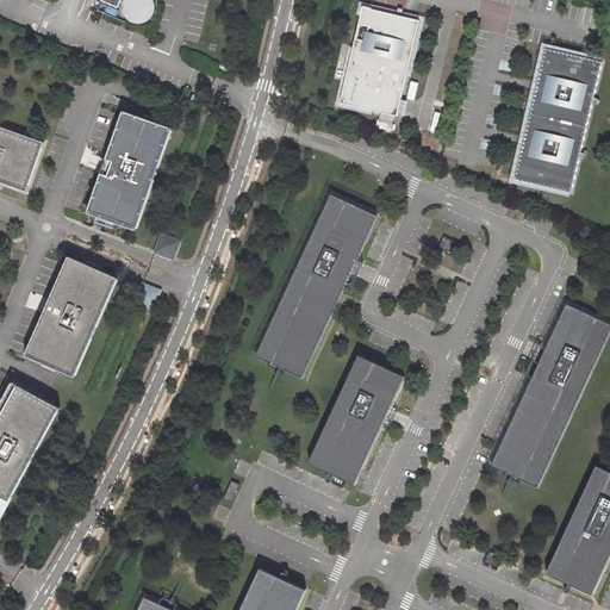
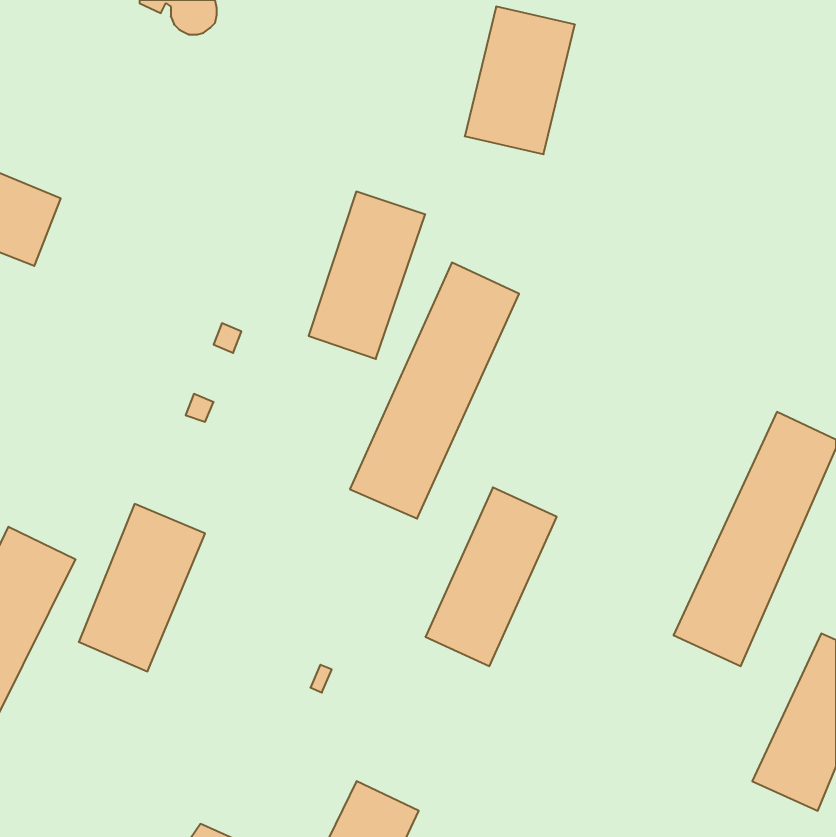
building: [515,49,602,192] -> none
building: [87,110,172,231] -> [309,192,425,359]
building: [24,259,116,380] -> [79,504,205,671]

